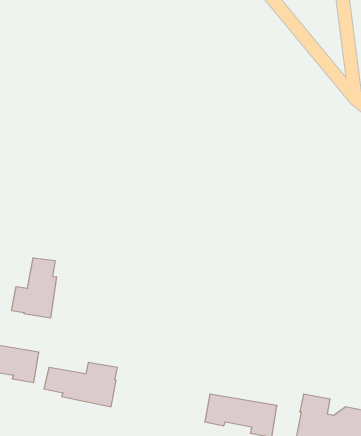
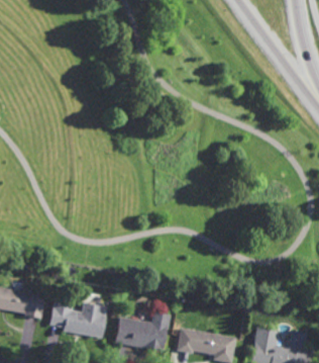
building: [12,258,57,318] -> none
building: none -> [115,312,170,351]

